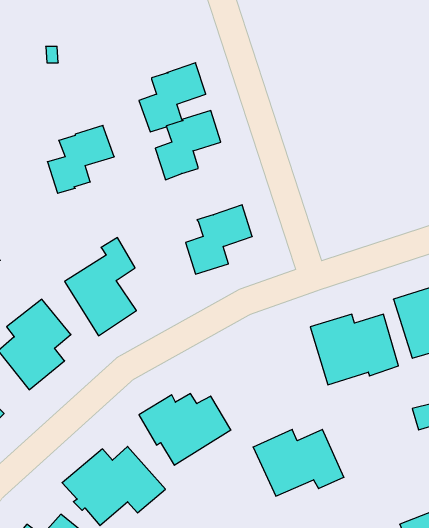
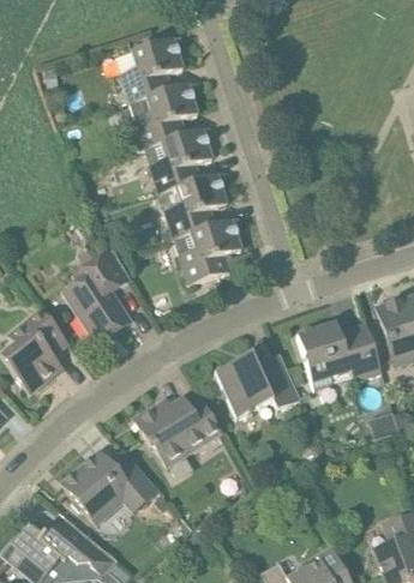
building: none -> [120,38,184,103]
building: [47,125,114,193] -> [164,174,228,239]
building: [253,429,344,496] -> [215,354,301,417]

